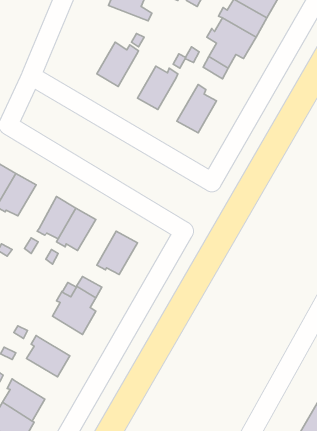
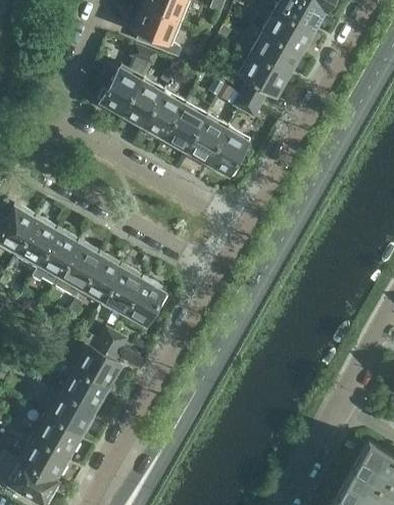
building: none -> [102,44,157,112]
building: none -> [146,92,188,138]
building: none -> [188,117,231,163]
building: none -> [33,230,81,284]
building: none -> [102,267,144,315]
building: none -> [45,354,108,411]
building: none -> [37,413,82,457]

